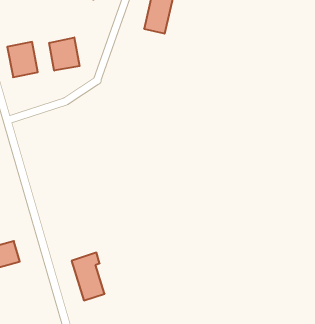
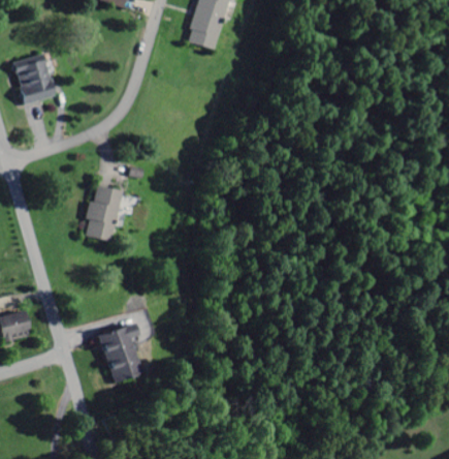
building: [49,37,80,71] -> none
building: none -> [87,184,123,240]

